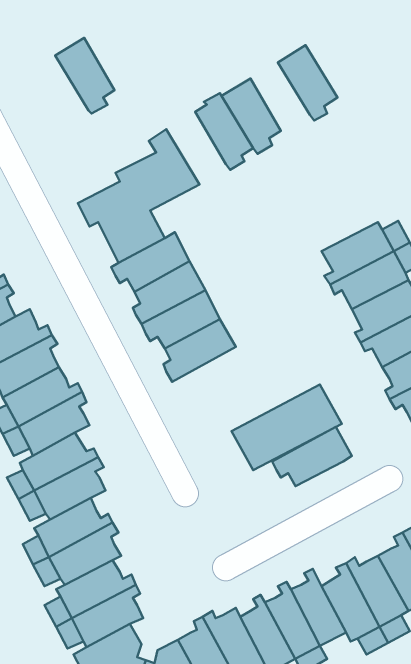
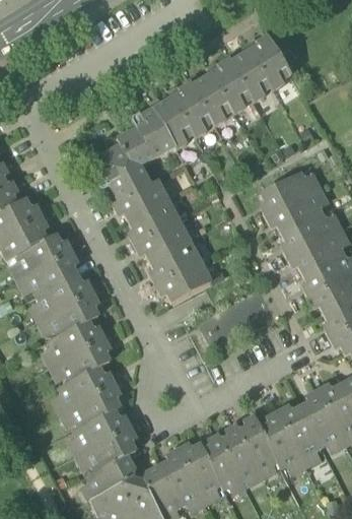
building: none -> [249,35,290,90]
building: [55,38,115,113] -> [151,95,193,148]
building: none -> [210,58,252,114]
building: [272,427,352,486] -> [155,260,211,302]

